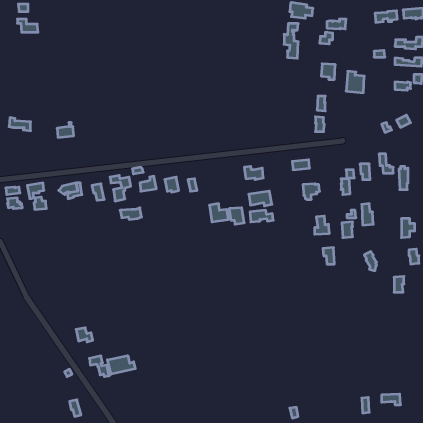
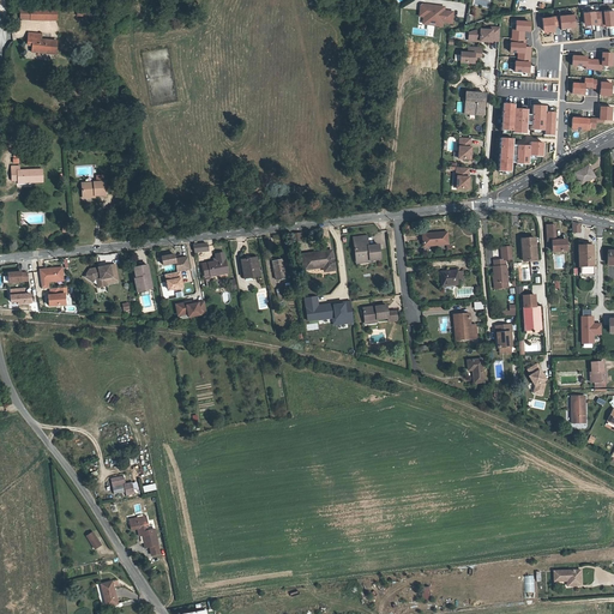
building: [284,24,298,58] -> [511,23,531,73]
building: none -> [531,106,555,136]
building: none -> [499,138,543,171]
building: [249,191,272,206] -> [302,251,336,272]
building: [107,356,135,374] -> none

